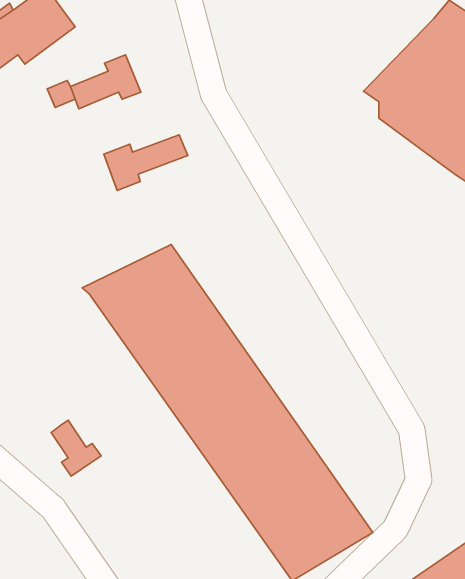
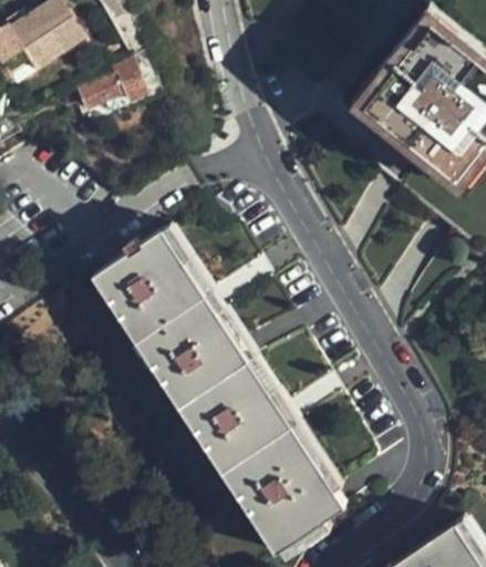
building: [104,135,188,190] -> none
building: [51,420,101,476] -> none

